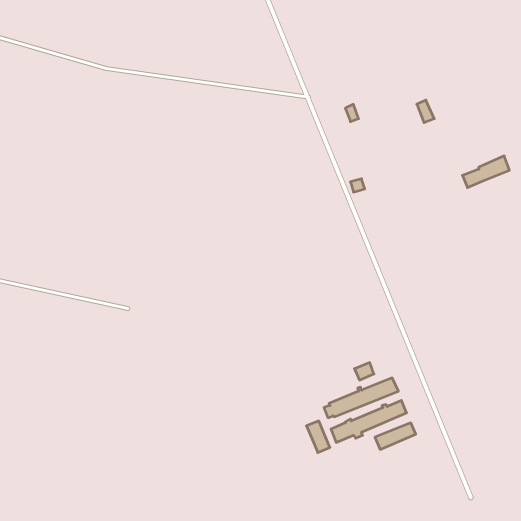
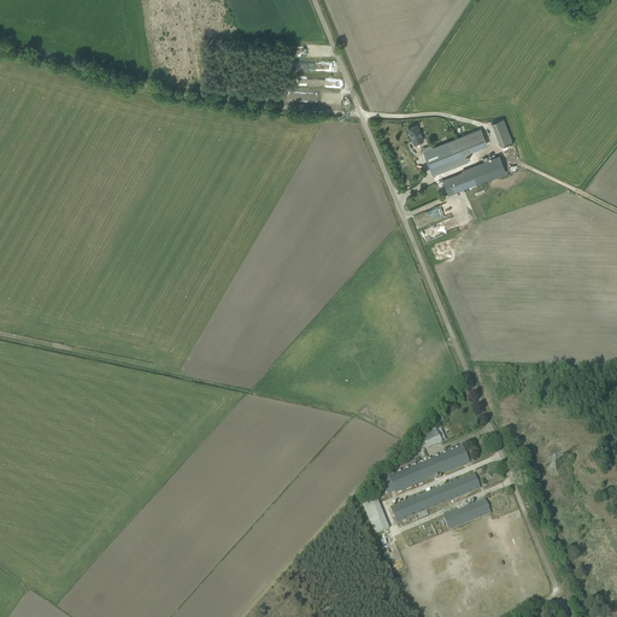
building: none -> [427,128,487,175]
building: [462,156,509,188] -> [443,157,499,194]

